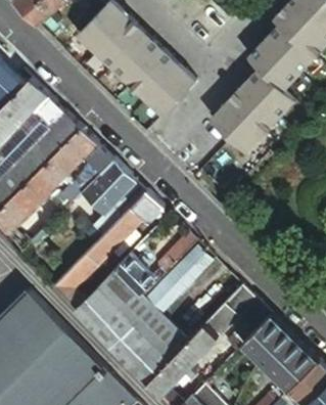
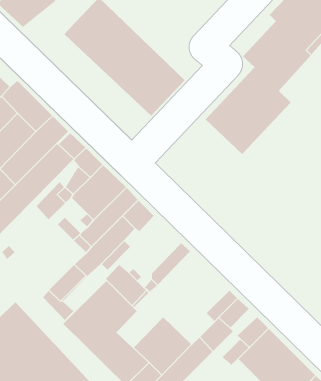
building: [127,248,213,334] -> none

